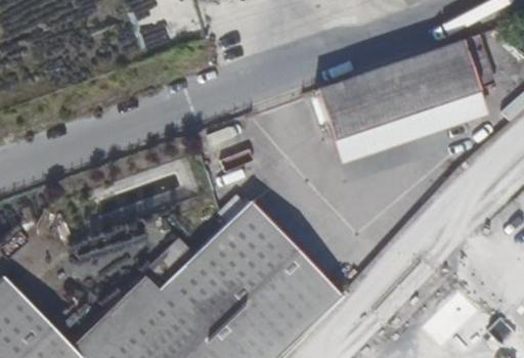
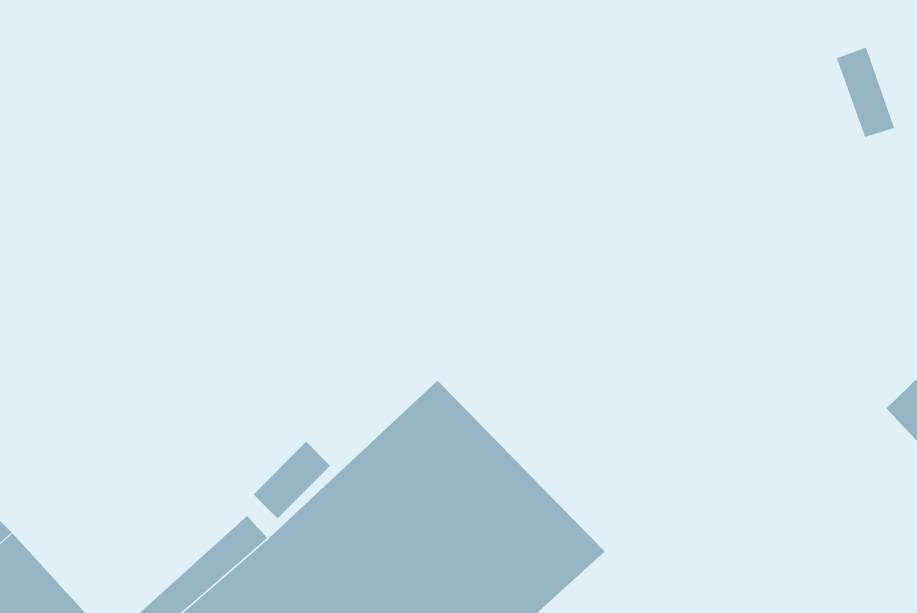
building: [321,51,482,151] -> none

